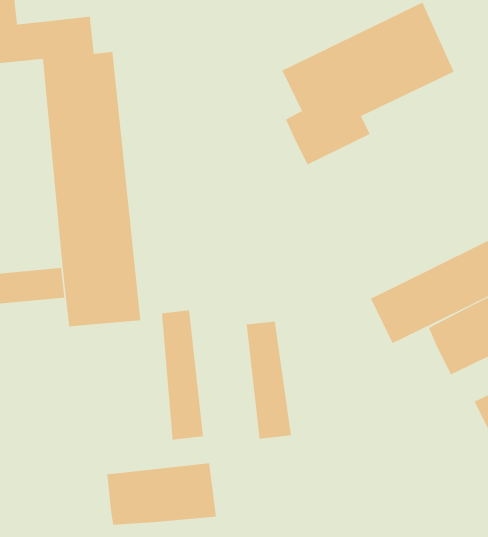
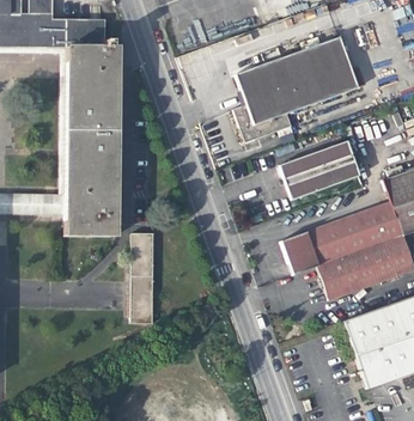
building: none -> [279,139,357,197]
building: [246,321,292,439] -> none
building: [107,462,217,525] -> none

